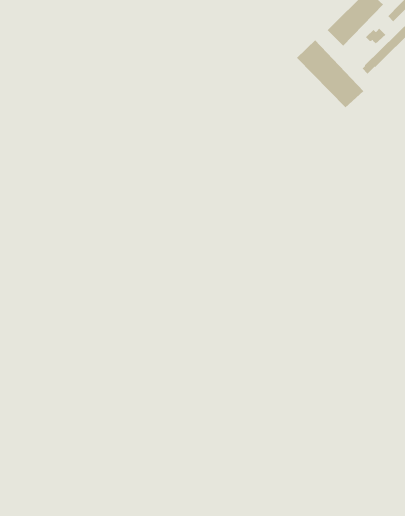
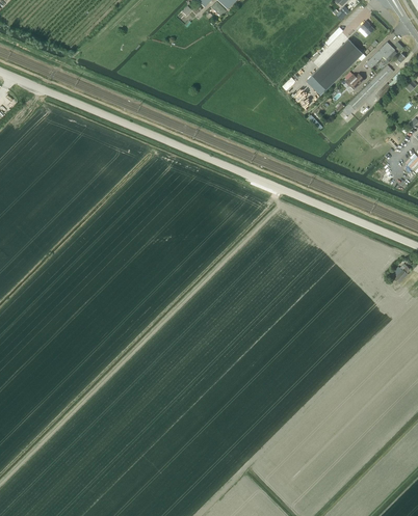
building: [296,40,364,108] -> none

